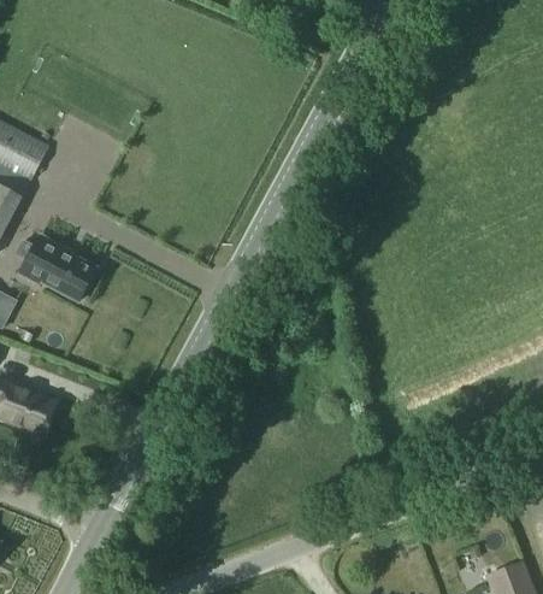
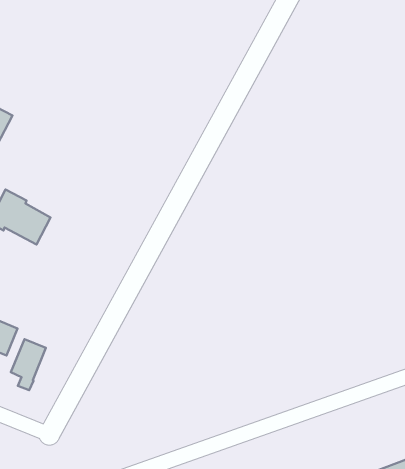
building: none -> [11,339,46,390]

